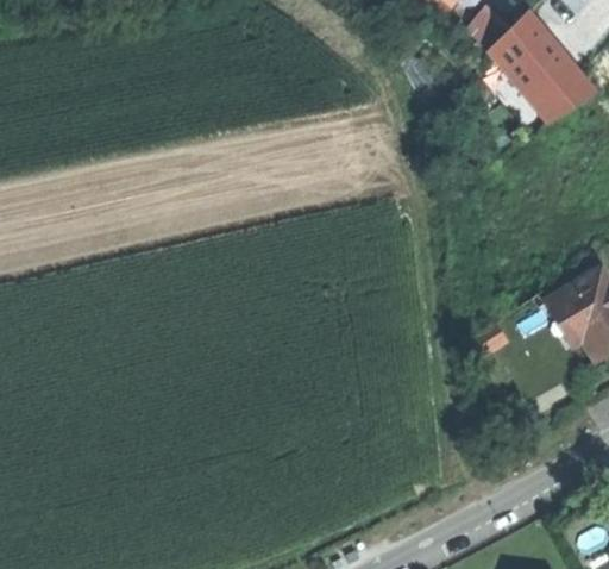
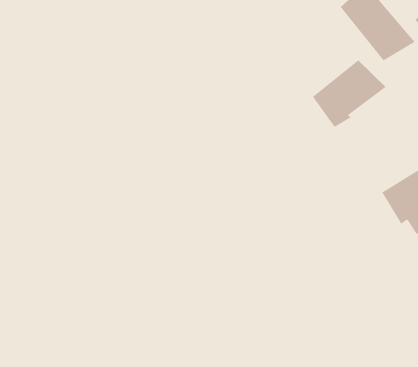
building: none -> [312,59,386,127]

